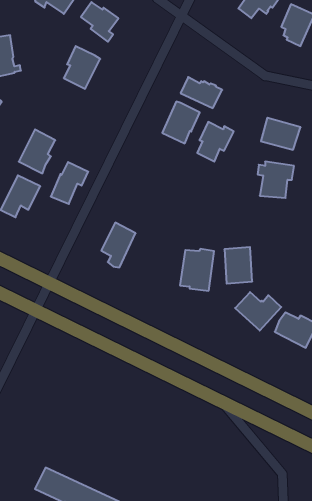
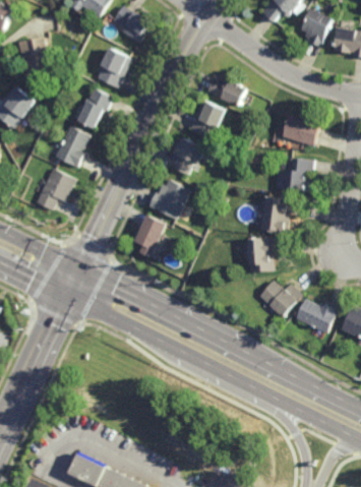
building: [197,122,234,162] -> [171,137,205,175]
building: [51,162,88,204] -> [75,88,111,128]
building: none -> [147,180,189,220]
building: [180,249,214,291] -> [260,196,293,236]

